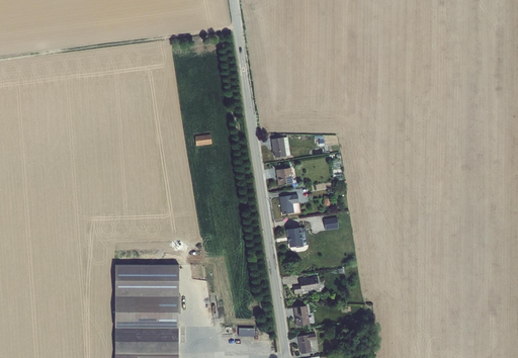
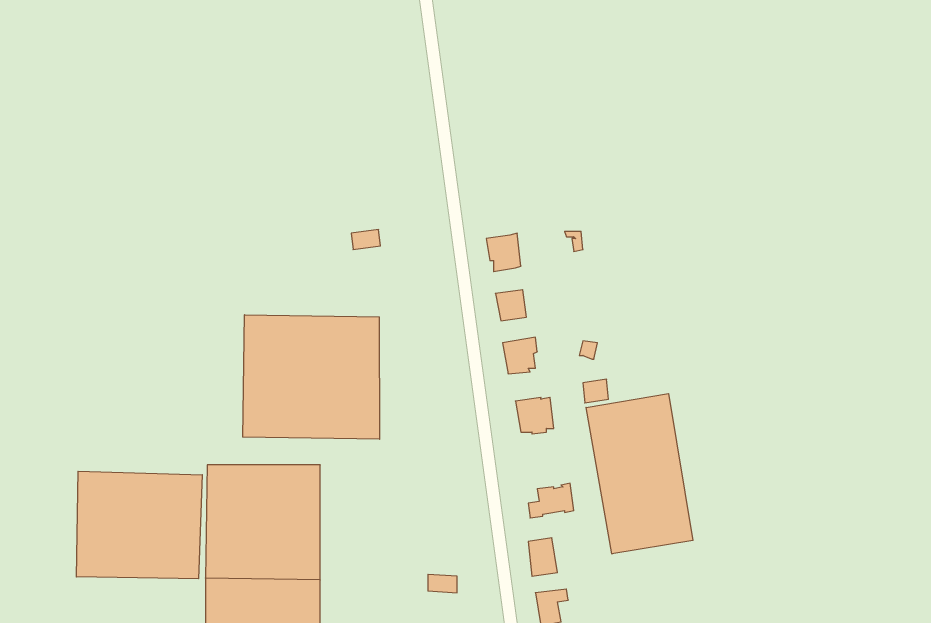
building: none -> [243,315,380,439]
building: none -> [586,394,693,554]
building: none -> [76,471,202,579]

